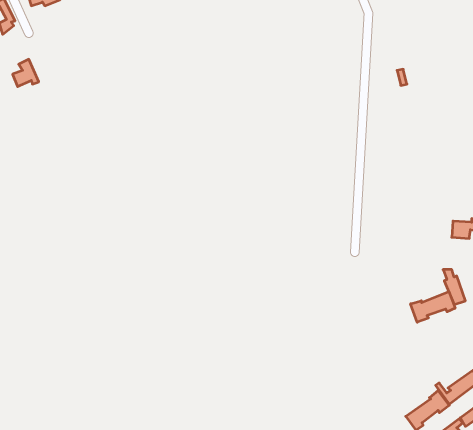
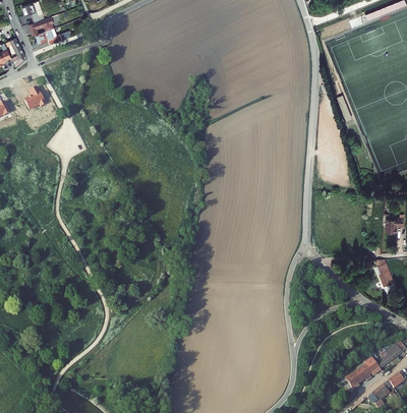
building: [411,292,455,322] -> none

